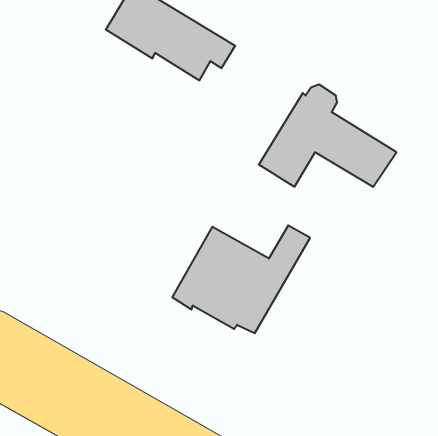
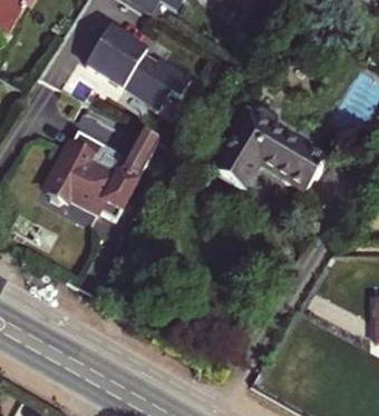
building: [172,225,310,333] -> [45,131,156,218]

